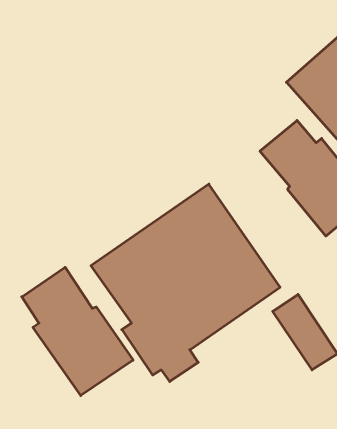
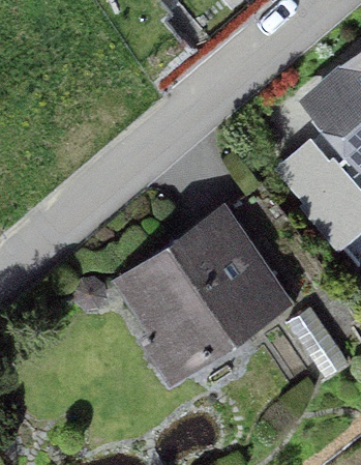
building: [22,267,133,396] -> none

